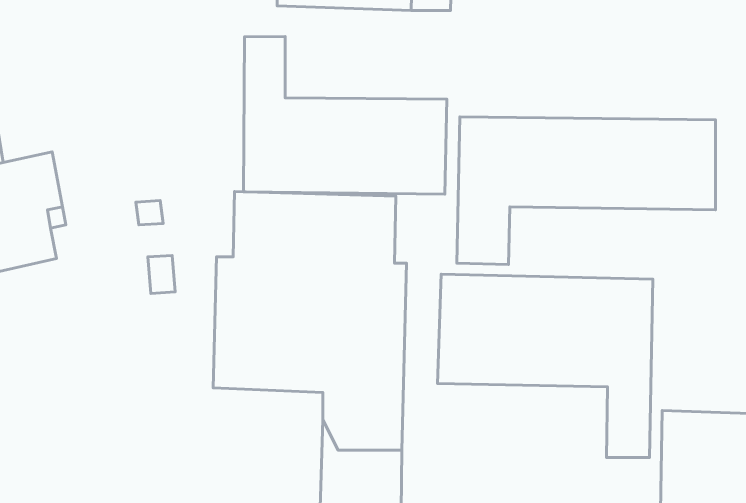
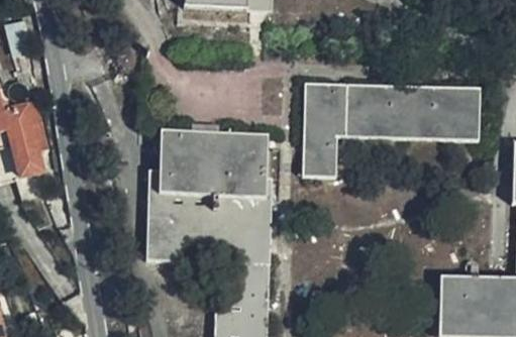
building: [244,37,447,194] -> none
building: [437,274,653,457] -> none

